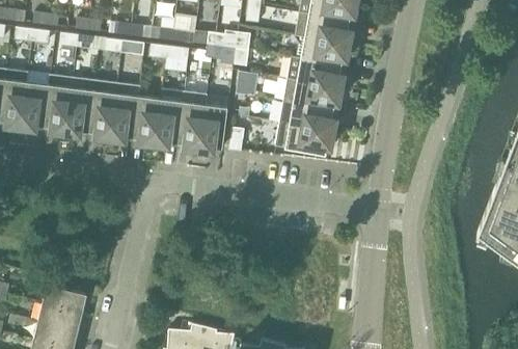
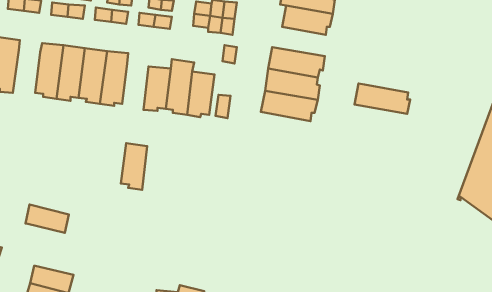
building: [287,57,344,88] -> [355,83,410,114]
building: [21,82,49,128] -> none
building: [133,96,160,143] -> [121,143,147,190]
building: [43,284,87,313] -> [25,204,69,233]

